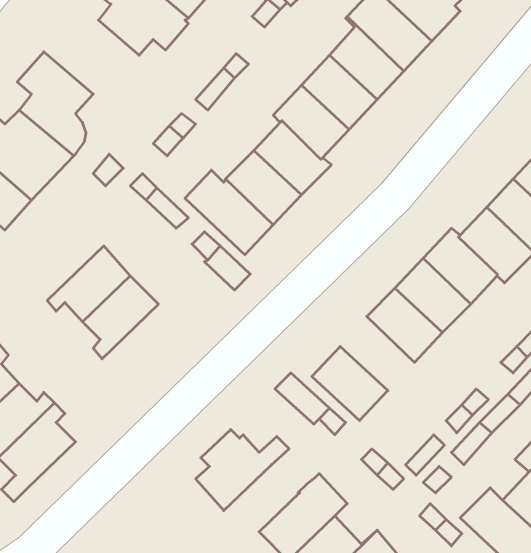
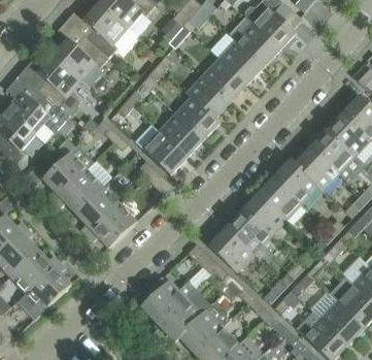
building: none -> [53,36,108,79]
building: none -> [42,144,93,200]
building: none -> [87,202,136,247]
building: none -> [226,209,269,253]
building: none -> [158,287,211,340]

